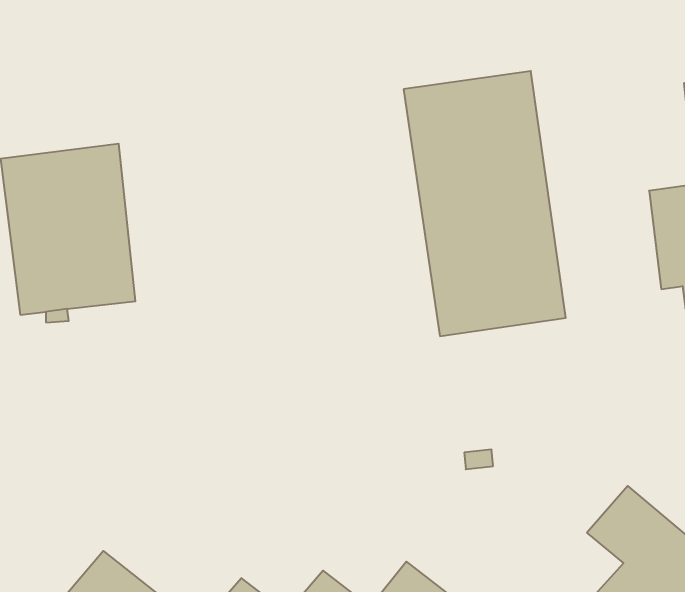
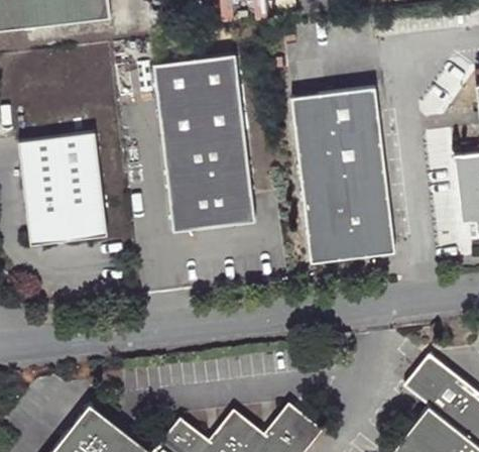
building: none -> [154,52,256,229]

